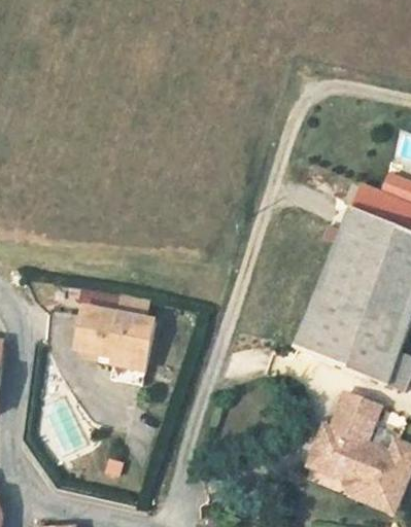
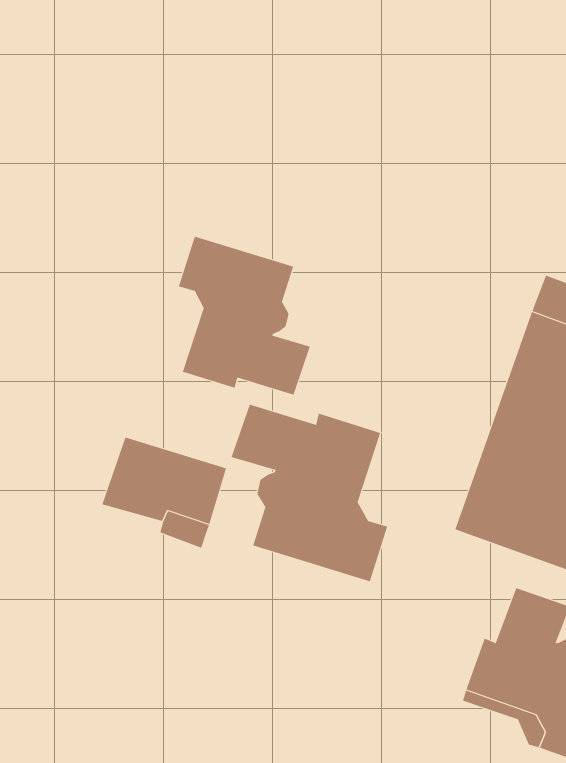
building: none -> [178,236,310,395]
building: none -> [231,404,388,582]

